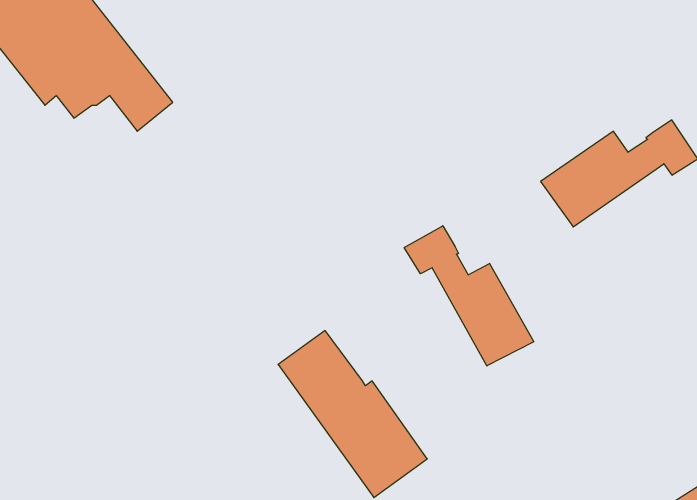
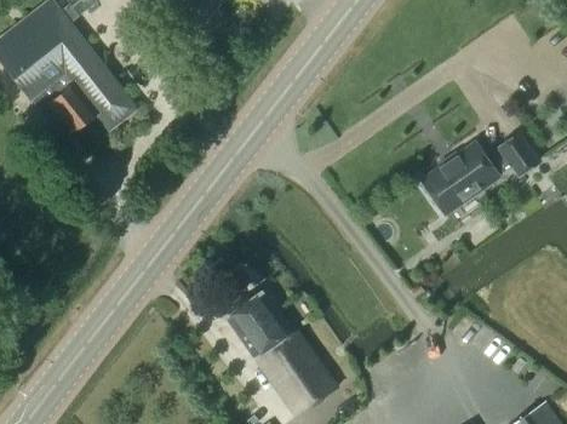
building: [404,226,534,366] -> none

